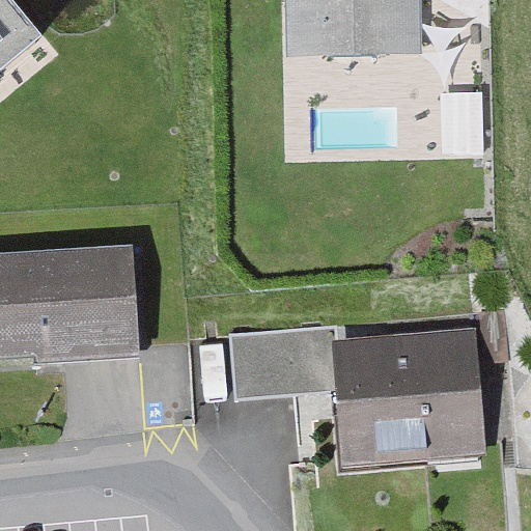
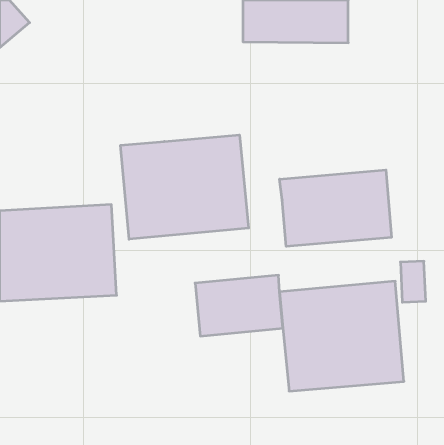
building: none -> [121,135,249,239]
building: none -> [280,170,391,246]

